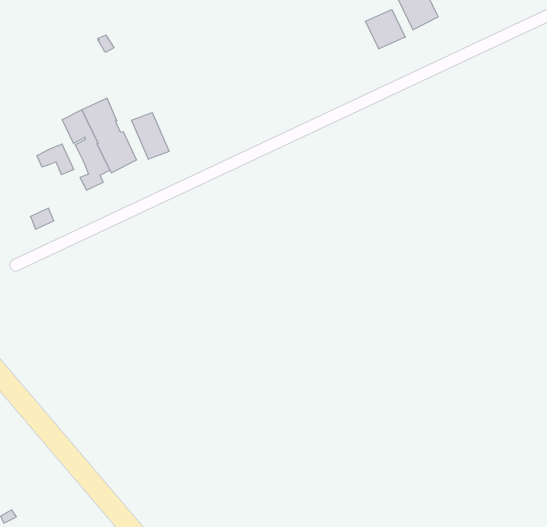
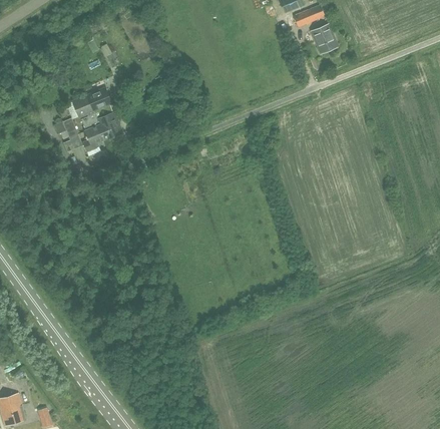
building: [366,10,405,49] -> none
building: [131,112,169,159] -> none

